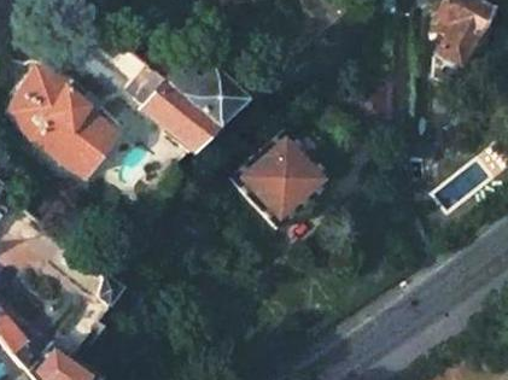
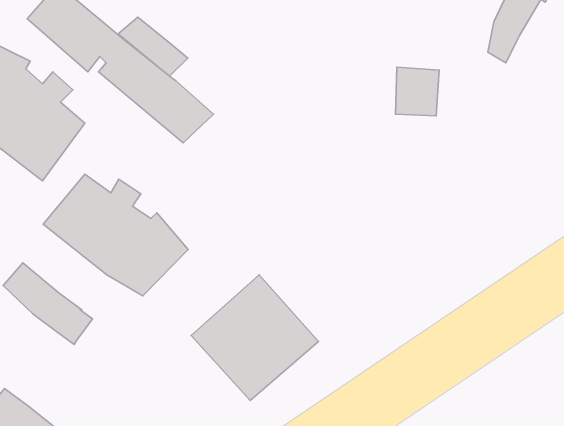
building: [188,71,245,124] -> none
building: [232,128,333,228] -> [191,275,318,401]
building: none -> [43,174,188,296]

